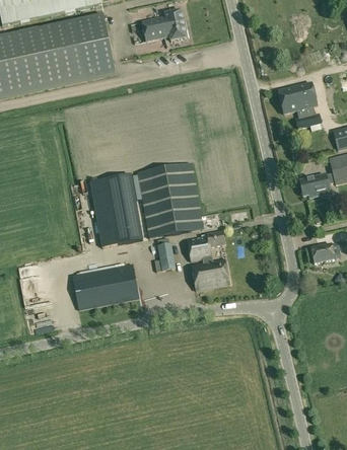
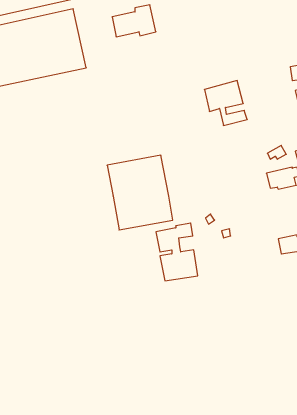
building: [278,82,322,128] -> [204,81,247,125]
building: [89,173,144,247] -> none
building: [157,242,176,272] -> none
building: [72,264,140,310] -> none

